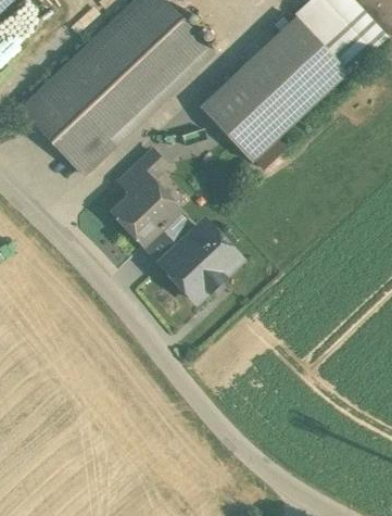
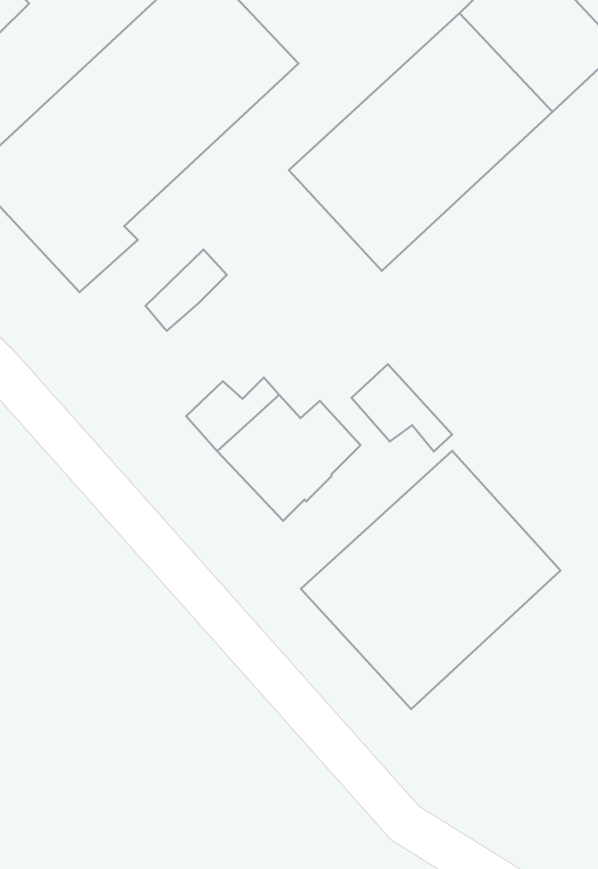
building: [114,180,178,243] -> none
building: none -> [352,364,452,451]
building: none -> [301,451,561,709]

